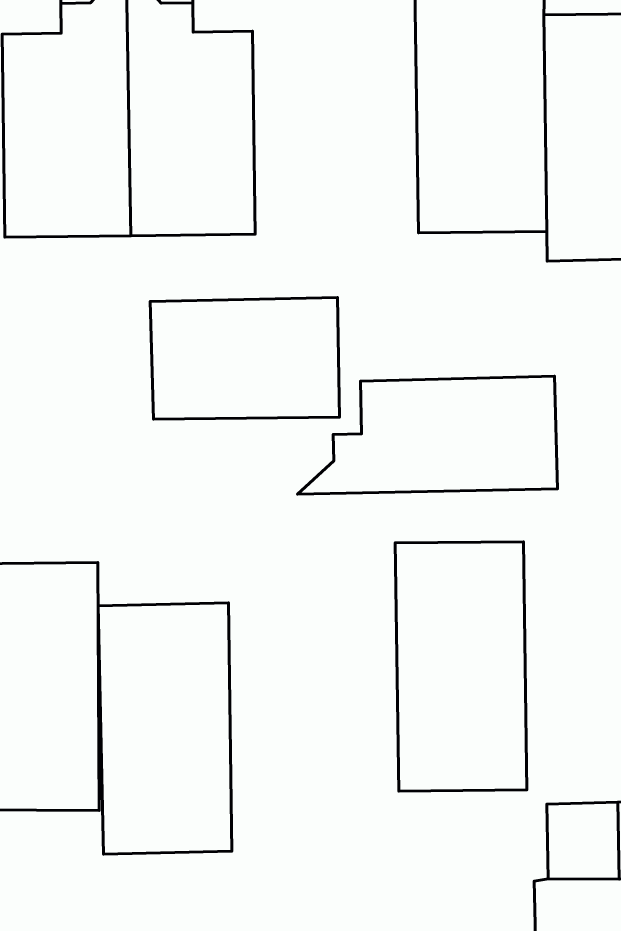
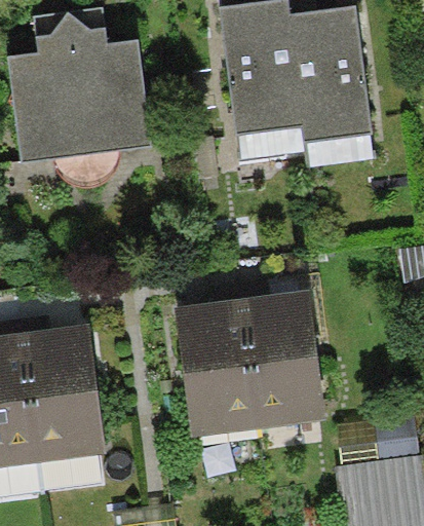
building: [150,298,340,419] -> none
building: [298,376,558,494] -> none
building: [98,603,232,854] -> [175,299,259,438]

